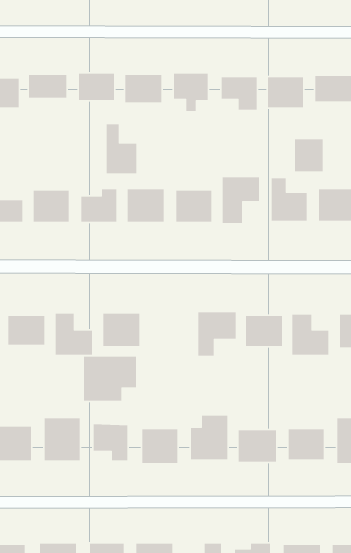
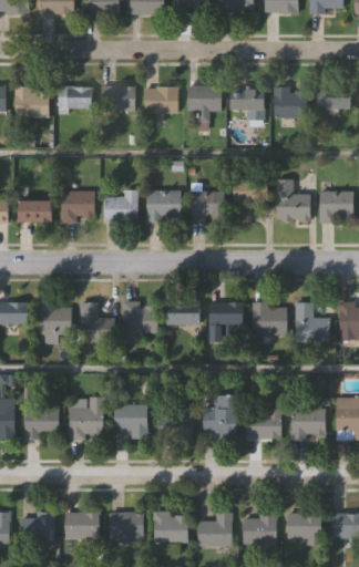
building: [106,124,137,174] -> none
building: [294,139,323,172] -> none
building: none -> [167,302,201,327]
building: [83,356,137,402] -> none

